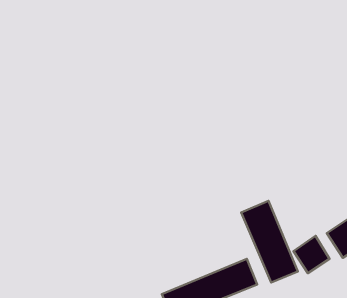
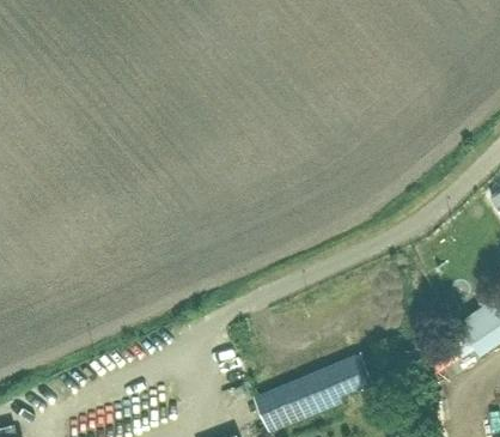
building: [241,201,298,283] -> none

